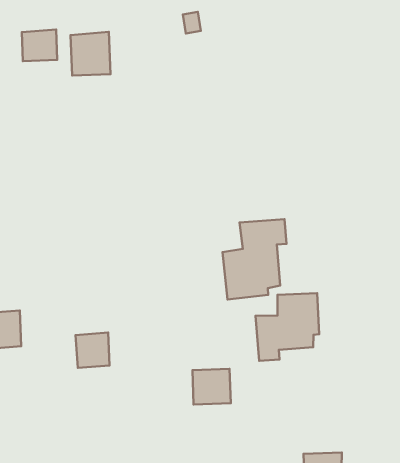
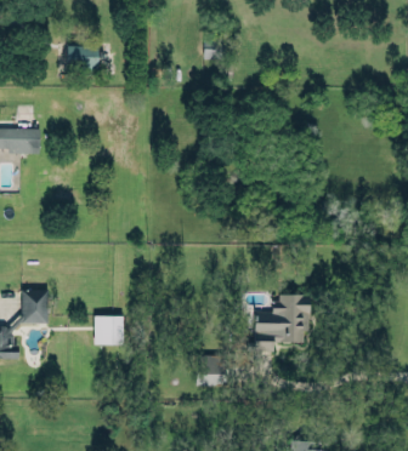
building: [71,32,110,75] -> none
building: [222,219,286,300] -> none

